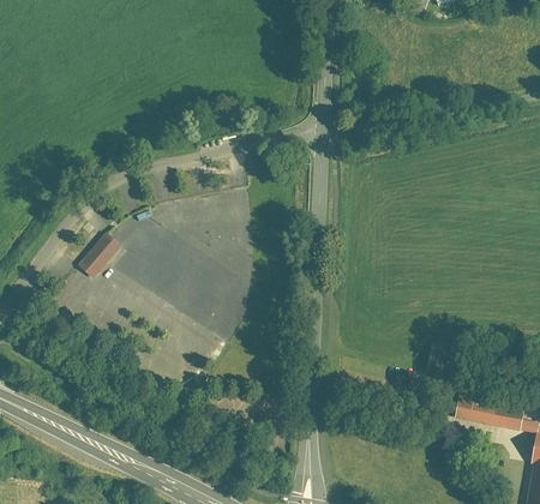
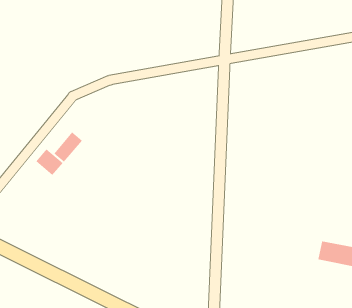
building: none -> [35,148,63,176]

